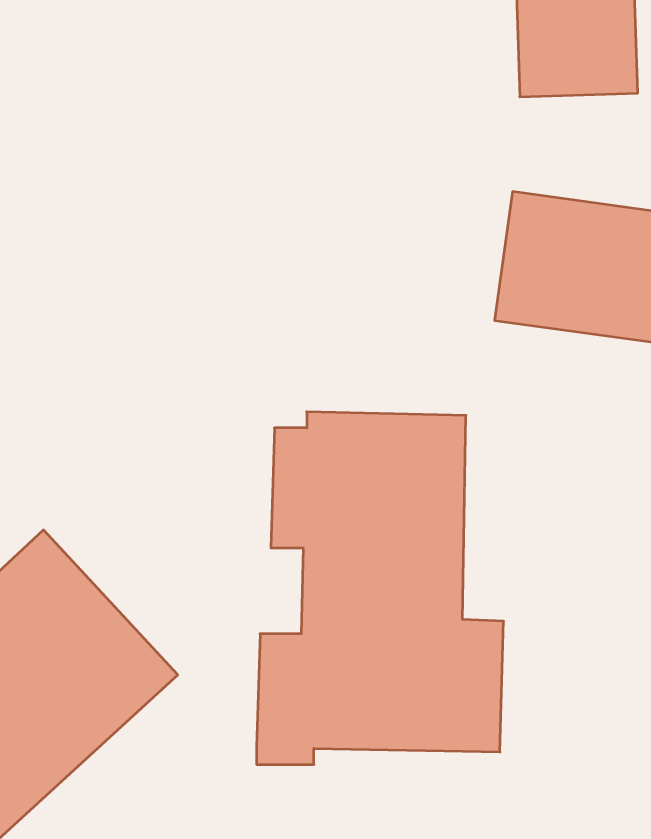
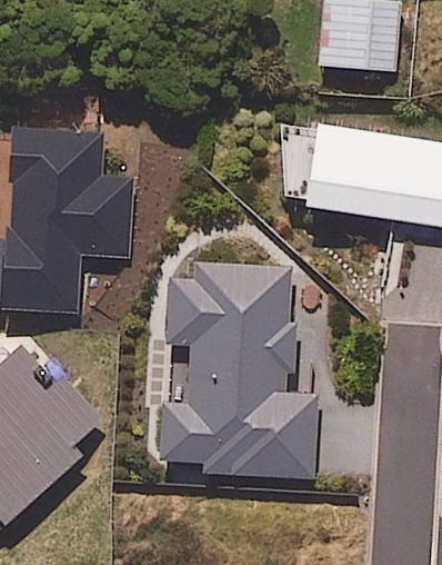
building: none -> [6,131,130,310]

